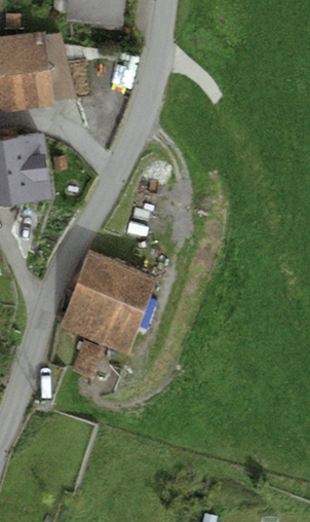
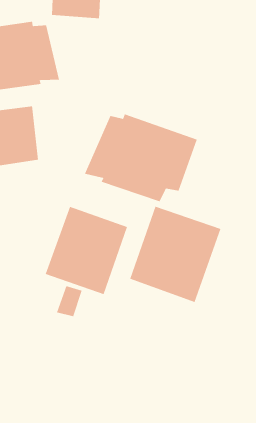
building: none -> [84,113,197,202]
building: none -> [129,206,221,303]

